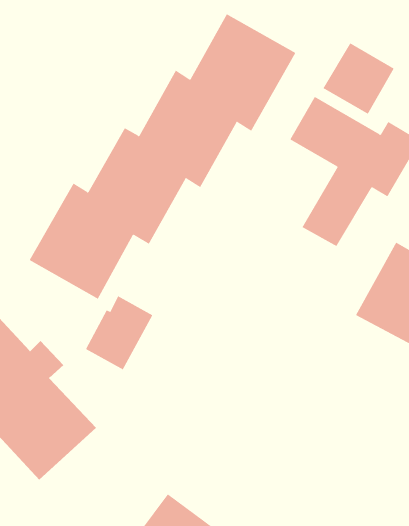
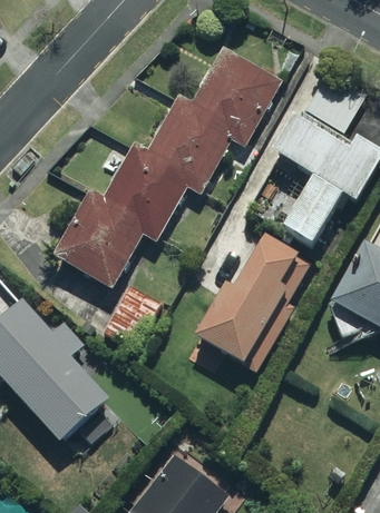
building: none -> [196,236,301,364]

